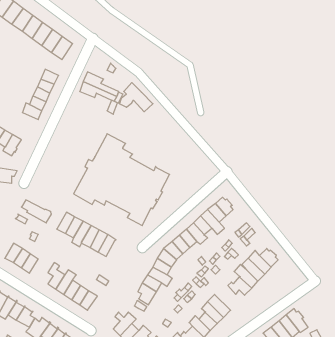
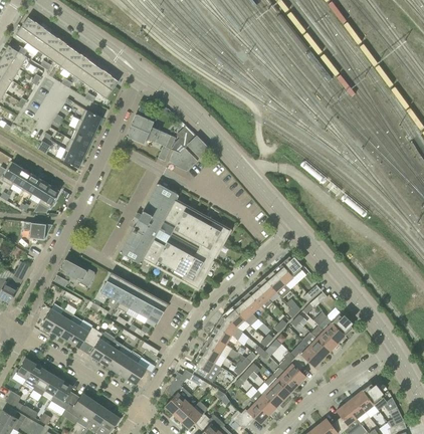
building: none -> [168,149,197,172]
building: none -> [68,319,98,349]
building: none -> [277,351,305,385]

